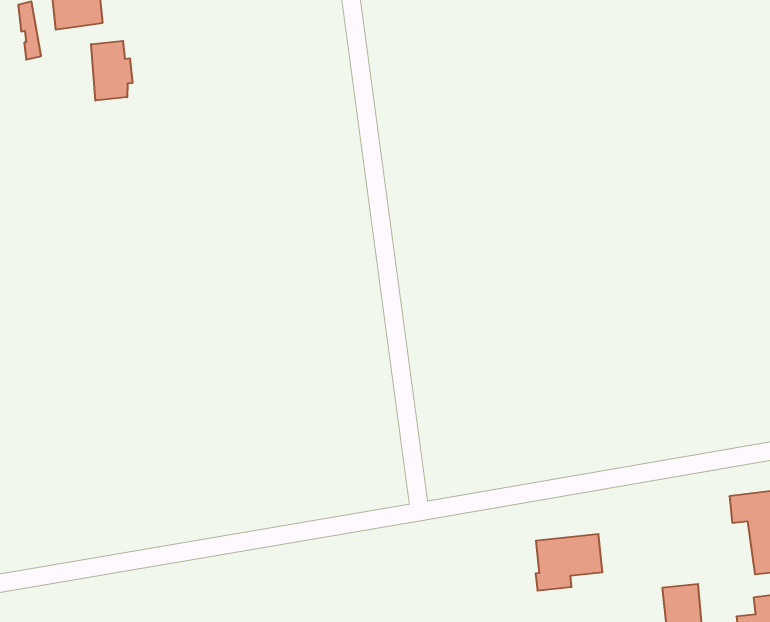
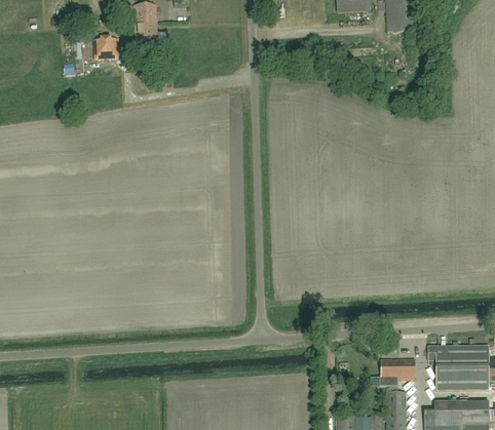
building: [91,41,132,101] -> none
building: [536,534,603,591] -> [379,358,415,385]

